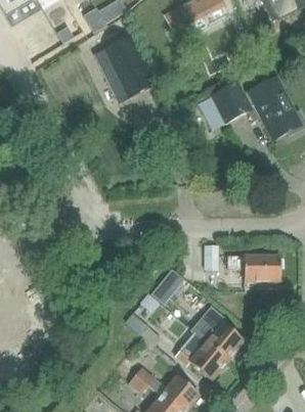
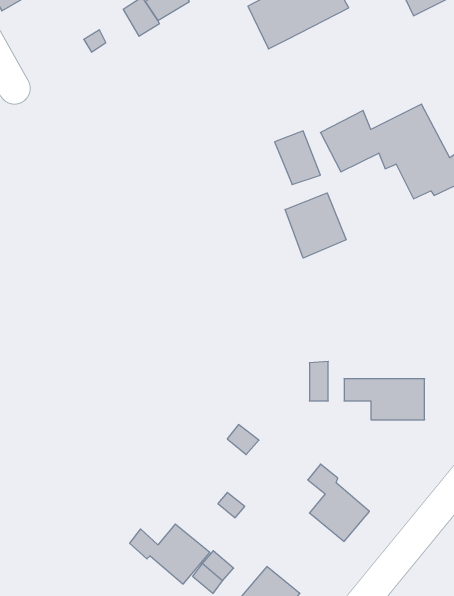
building: [93,34,155,101] -> none
building: none -> [285,193,346,258]
building: [174,340,226,379] -> [130,524,210,584]

